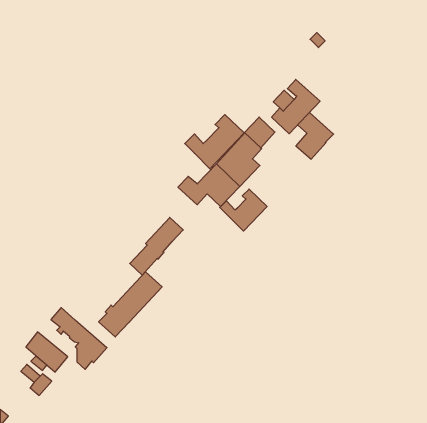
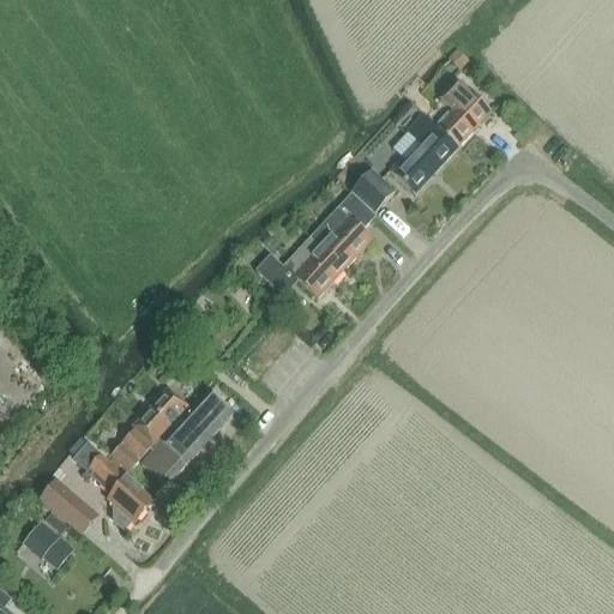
building: [296,112,334,159] -> [438,78,492,145]
building: [185,115,244,169] -> none
building: [220,189,267,231] -> none
building: [130,217,183,275] -> [110,387,187,470]

